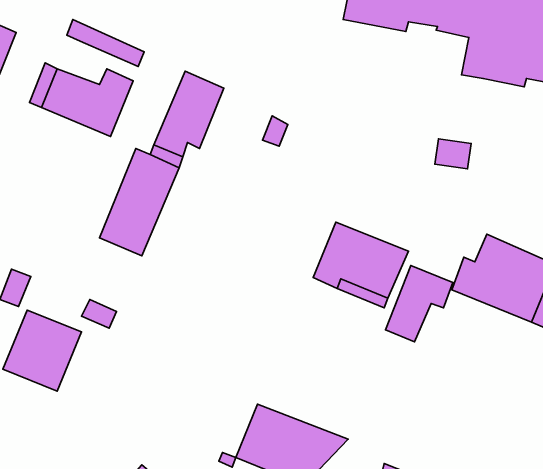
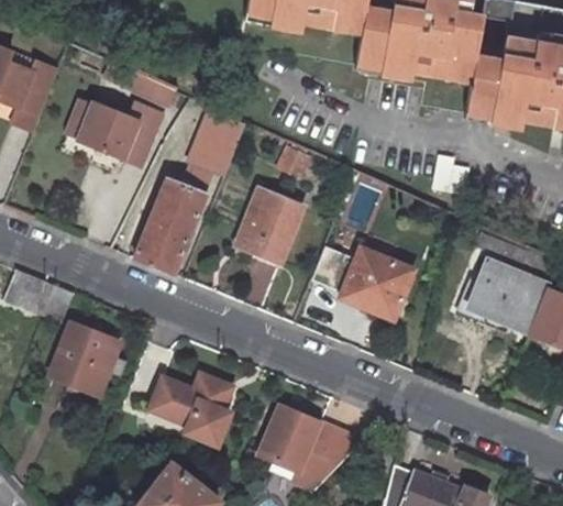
building: none -> [242,189,303,263]
building: [386,266,453,342] -> none
building: none -> [153,376,232,447]

